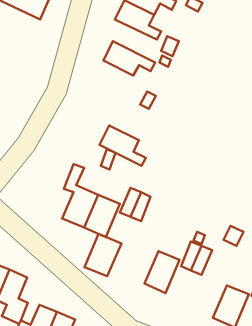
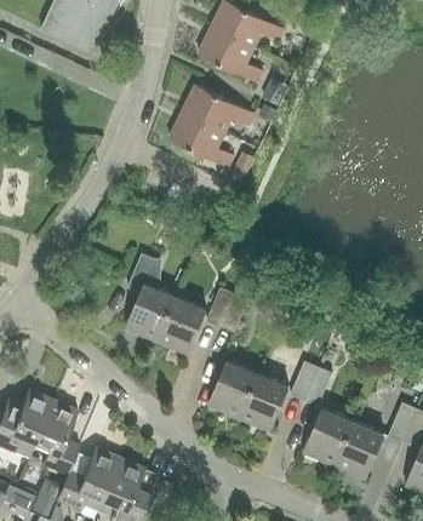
building: [99,125,146,166] -> [170,110,234,166]
building: [85,234,121,276] -> [208,360,259,418]
building: none -> [304,407,354,465]

